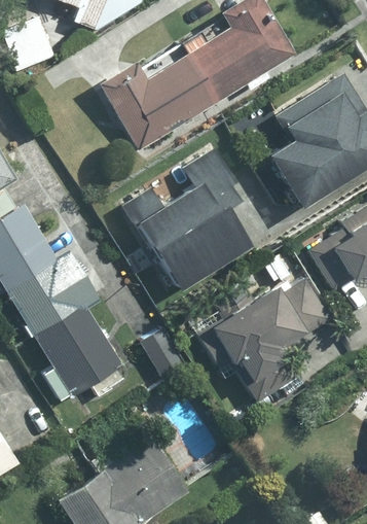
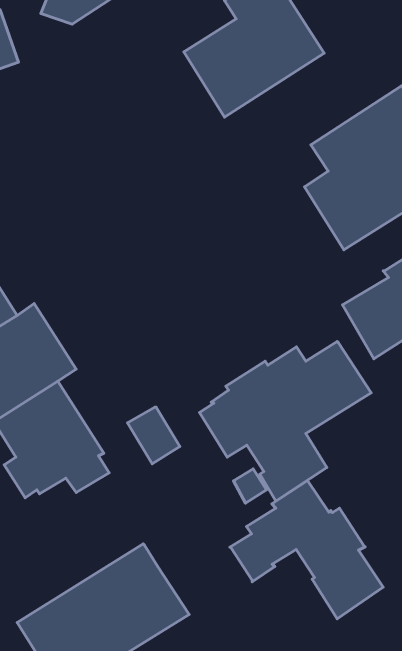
building: [93,49,214,151] -> none
building: [130,156,260,296] -> none
building: none -> [230,480,383,619]

